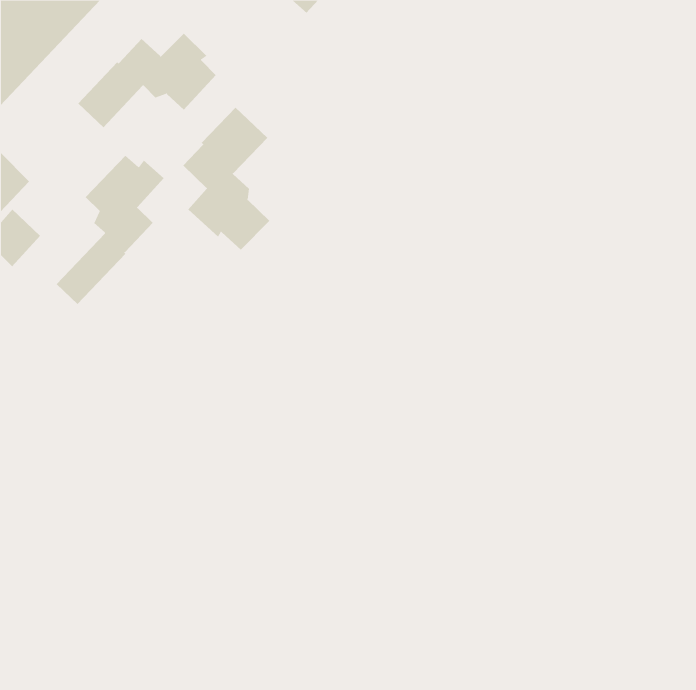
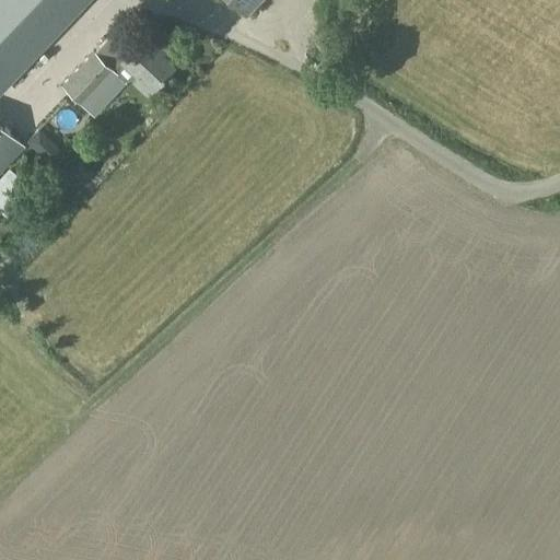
building: [183,107,270,250] -> none
building: [56,155,165,305] -> none

